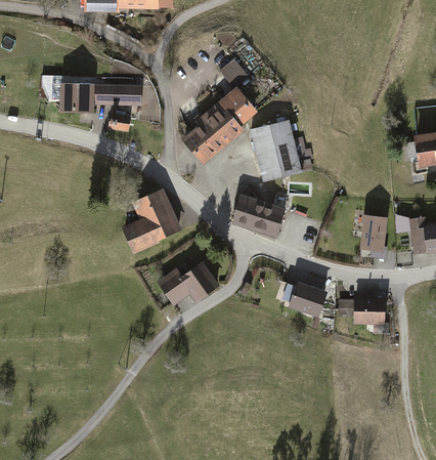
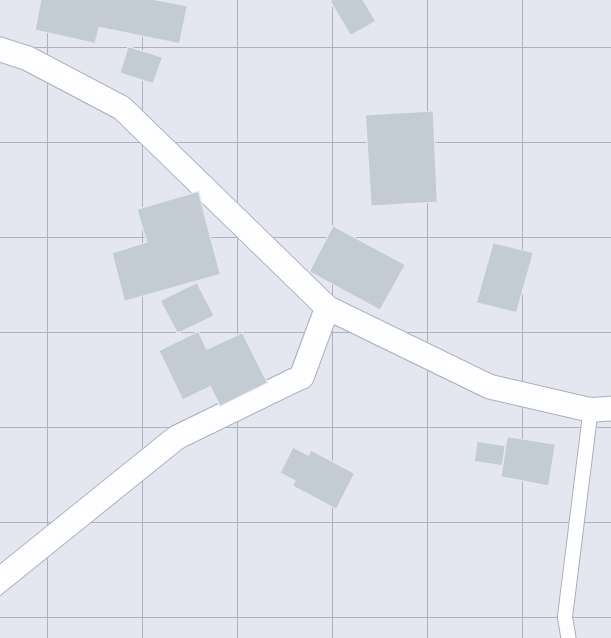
building: [178,90,254,166] -> none
building: [361,213,389,250] -> [476,243,534,313]
building: none -> [160,282,214,334]
building: [284,282,325,312] -> [280,447,355,509]

